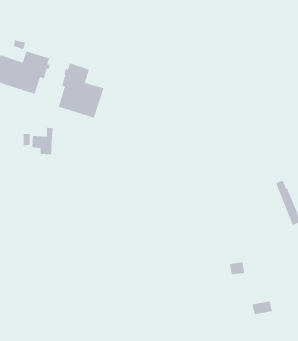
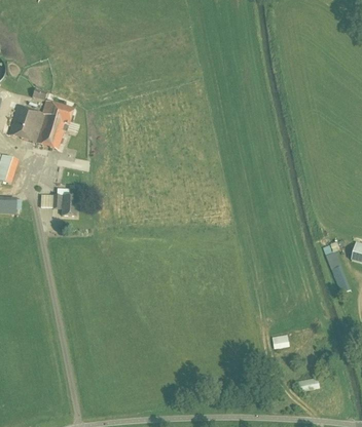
building: [58,63,104,119] -> none

